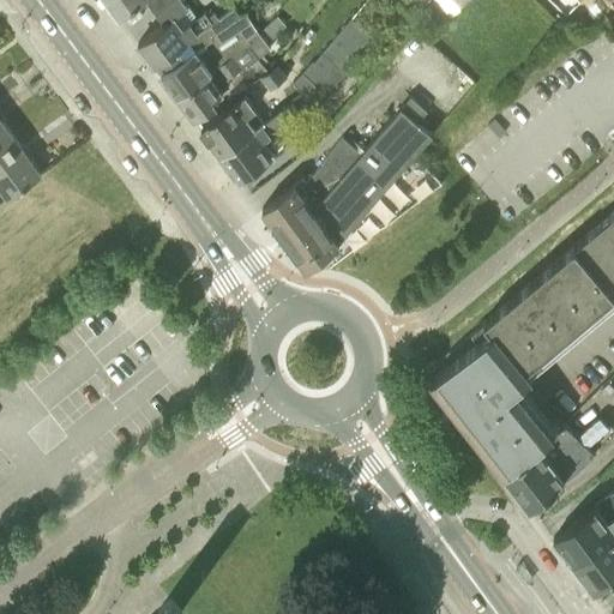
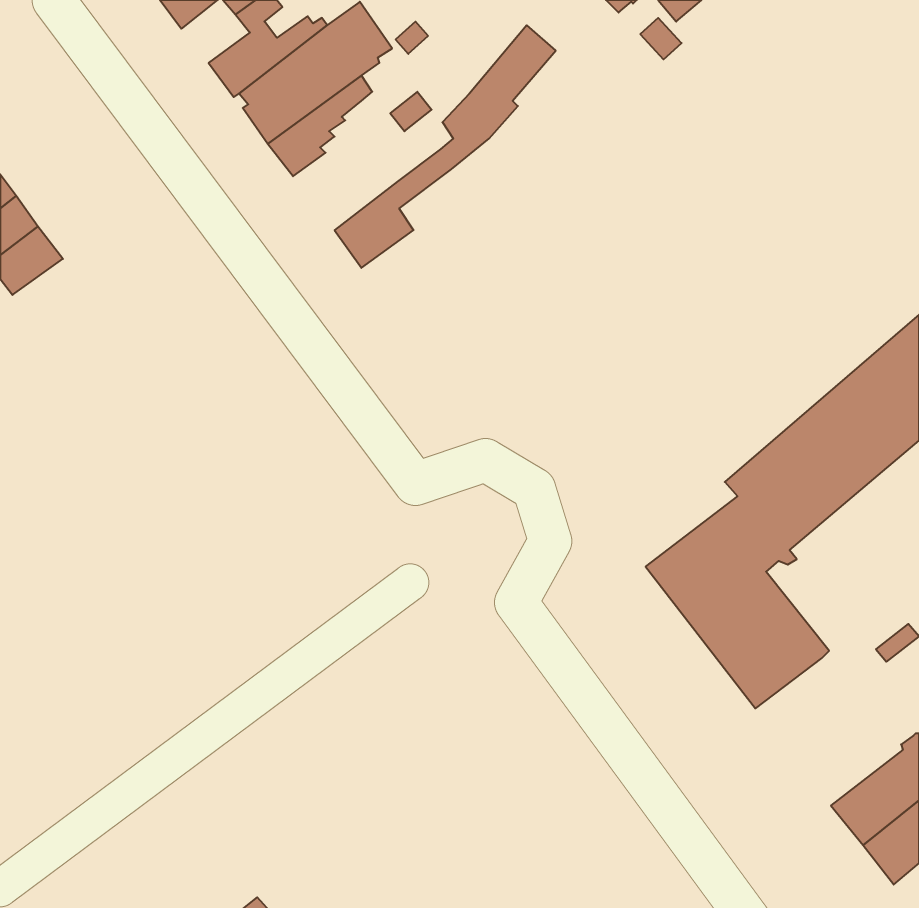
building: [203,101,265,161] -> none
building: [263,102,433,276] -> none
building: [504,431,591,513] -> none

